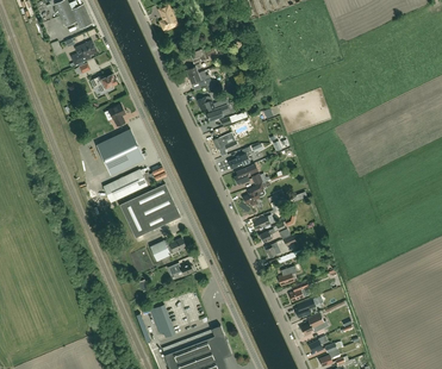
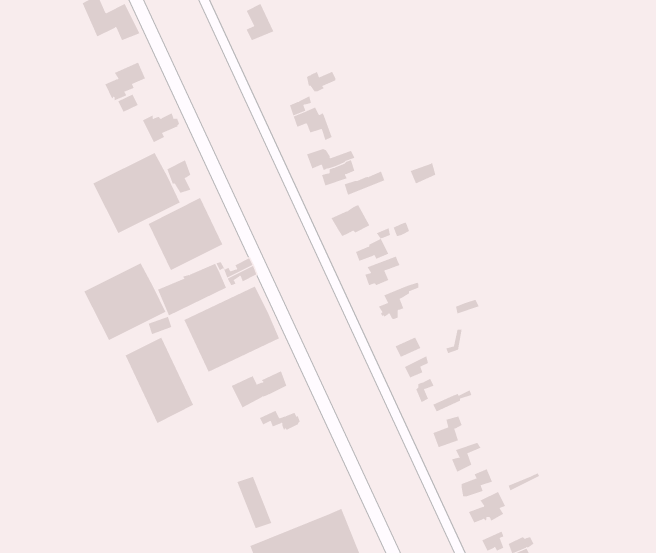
building: none -> [93,152,181,234]
building: none -> [84,263,166,341]
building: none -> [125,337,194,424]

